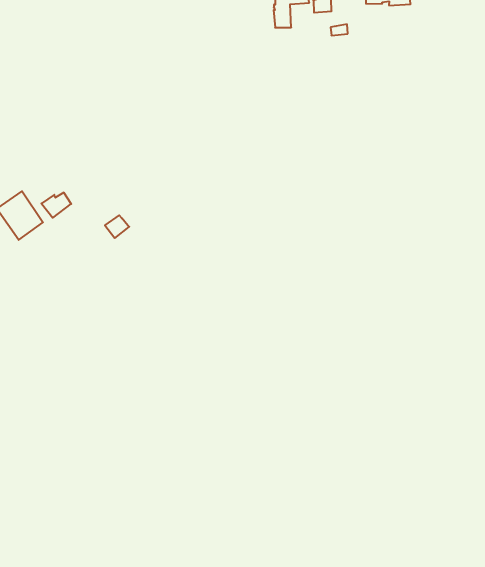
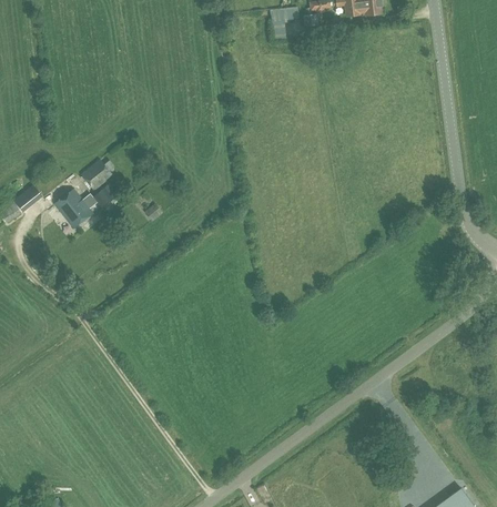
building: none -> [80,158,116,190]

